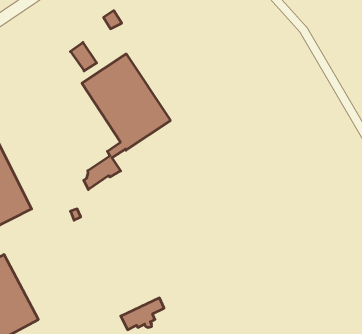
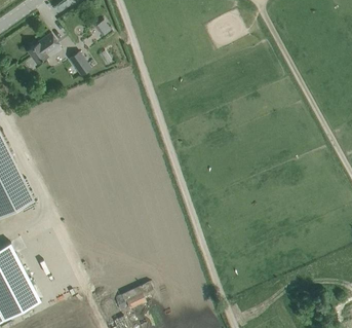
building: none -> [27,34,58,64]
building: [82,54,170,190] -> none

